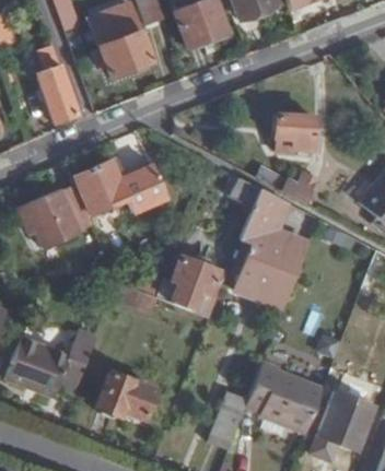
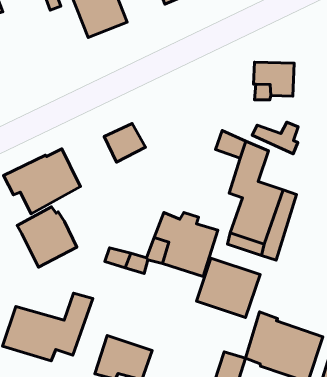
building: [39,51,78,131] -> none
building: [72,161,130,220] -> [17,207,77,267]
building: none -> [196,258,260,318]

